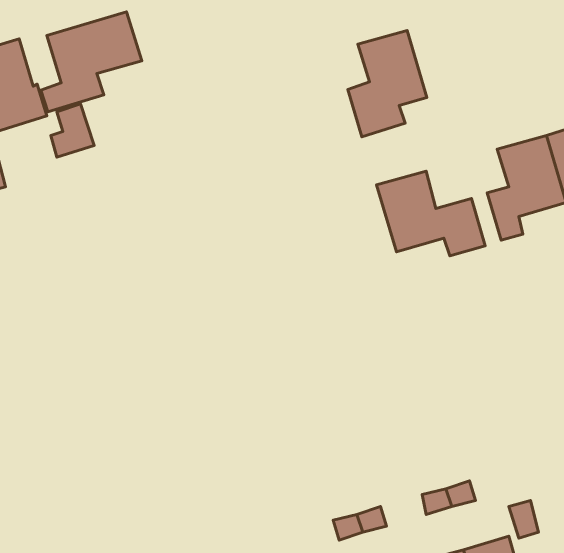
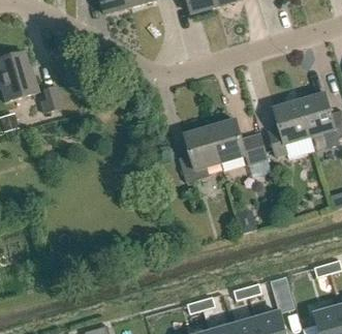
building: [41,12,142,112] -> none
building: [348,30,427,137] -> [180,126,221,182]

